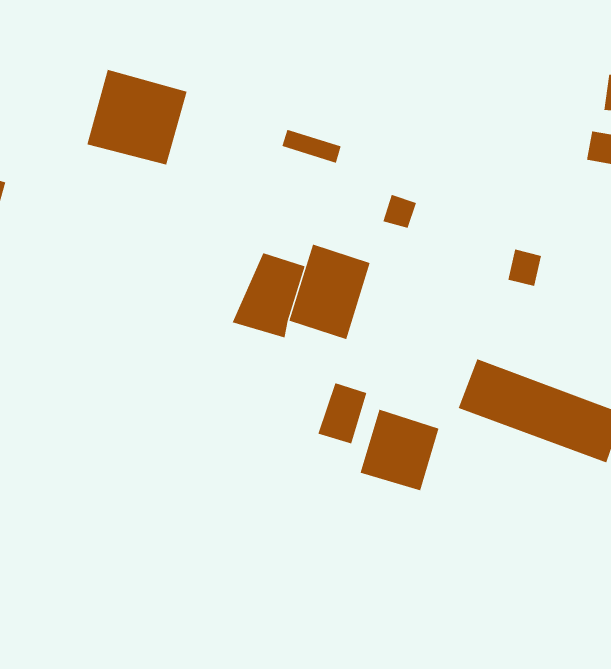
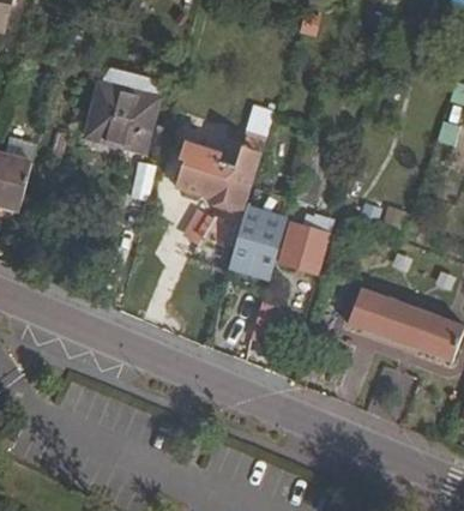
building: none -> [175,144,254,205]
building: none -> [278,222,330,275]
building: [360,409,439,491] -> none

